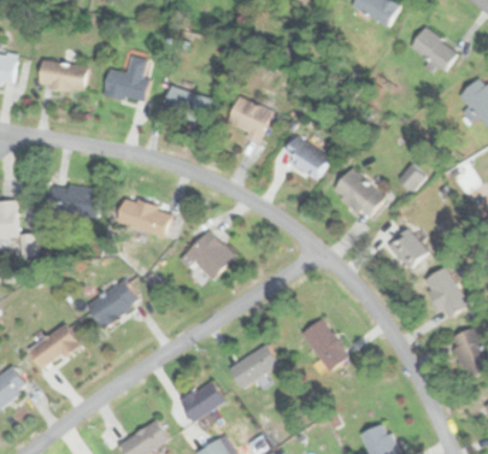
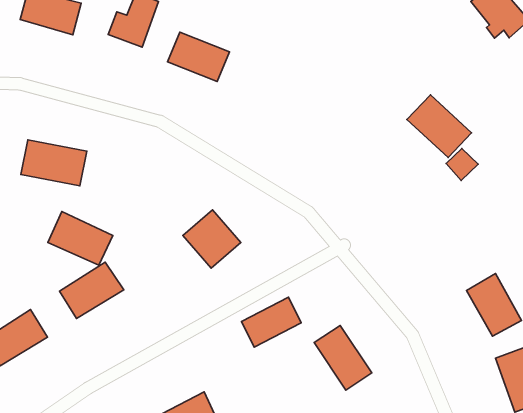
building: [228,96,272,142] -> none
building: [282,136,330,178] -> none
building: [333,169,387,219] -> [407,95,472,157]
building: [120,196,174,238] -> [48,211,113,265]
building: [392,229,431,269] -> none
building: [229,344,278,388] -> [241,297,301,347]

